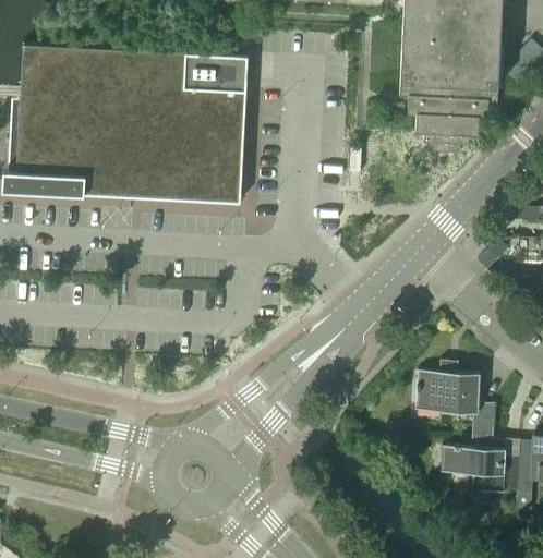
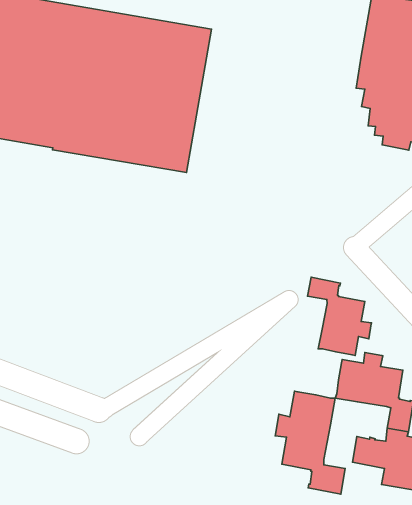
building: none -> [308,277,372,355]
building: none -> [275,391,345,494]

